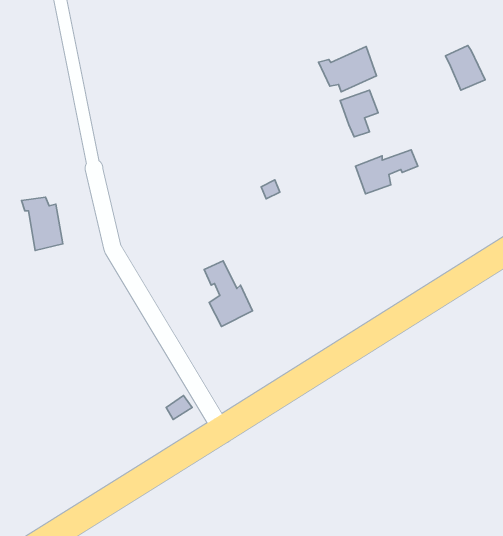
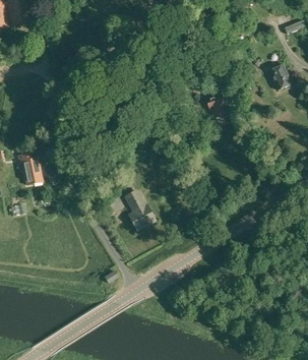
building: [319,47,377,92] -> none
building: [356,150,418,194] -> none

